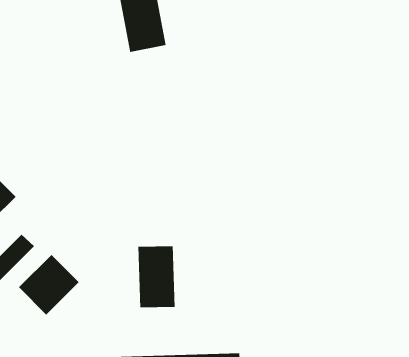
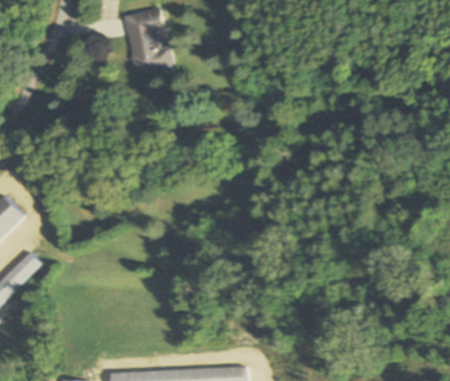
building: [138,246,175,308] -> none
building: [18,254,80,315] -> none

